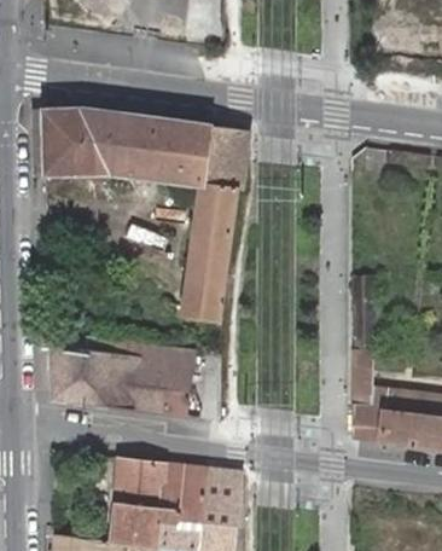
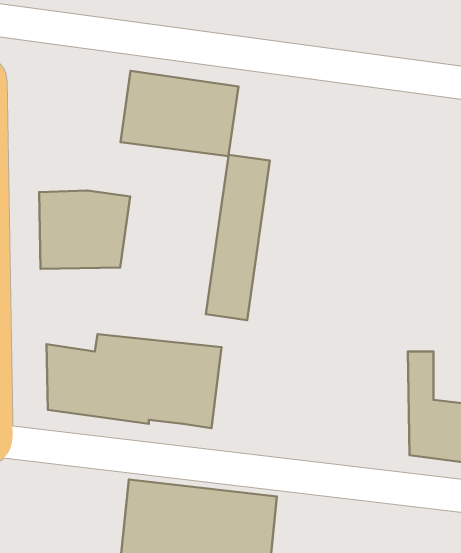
building: [41,108,118,174] -> [39,191,130,269]
building: [202,126,246,188] -> none

